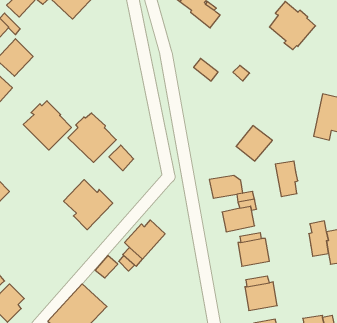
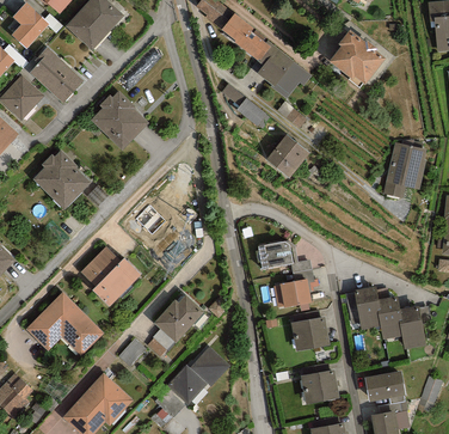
building: none -> [257,39,312,98]
building: none -> [29,47,82,103]
building: [68,113,116,162] -> [90,90,148,149]
building: [236,126,272,161] -> [265,134,309,177]
building: [275,161,298,197] -> [353,286,381,329]
building: none -> [25,292,103,355]
building: none -> [166,346,229,404]
building: none -> [364,371,405,401]

